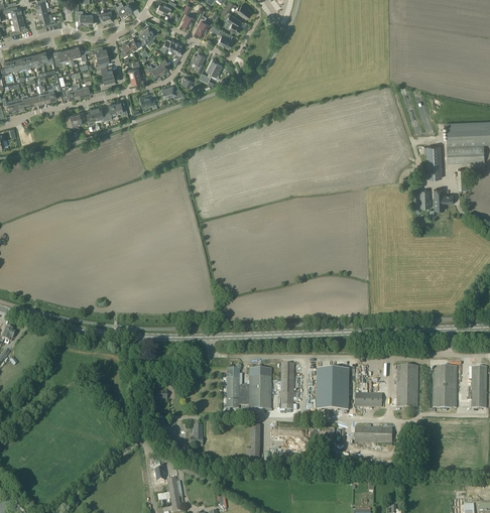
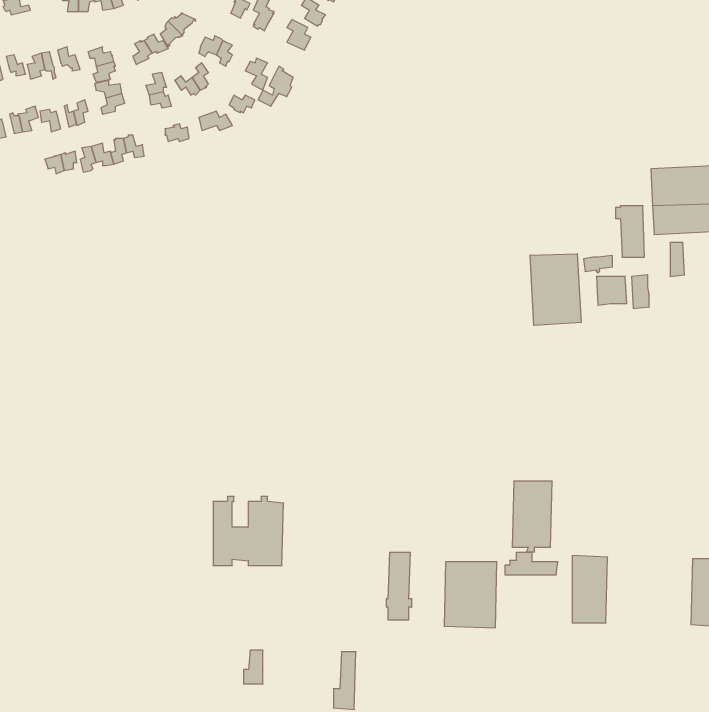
building: none -> [530,254,581,325]
building: [227,365,271,408] -> [213,497,284,566]
building: [433,366,458,410] -> [512,481,552,552]
building: [355,393,382,407] -> none
building: [354,426,392,442] -> none

